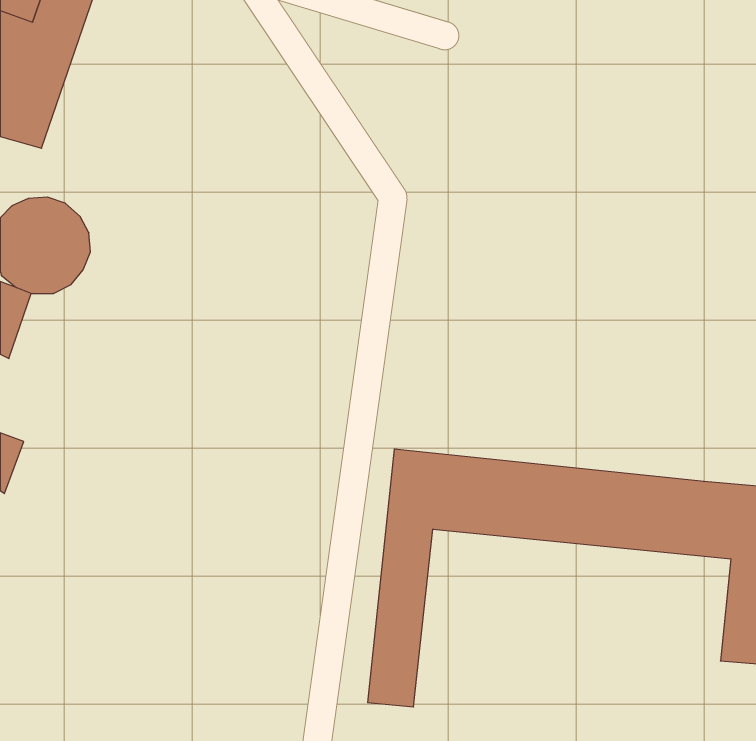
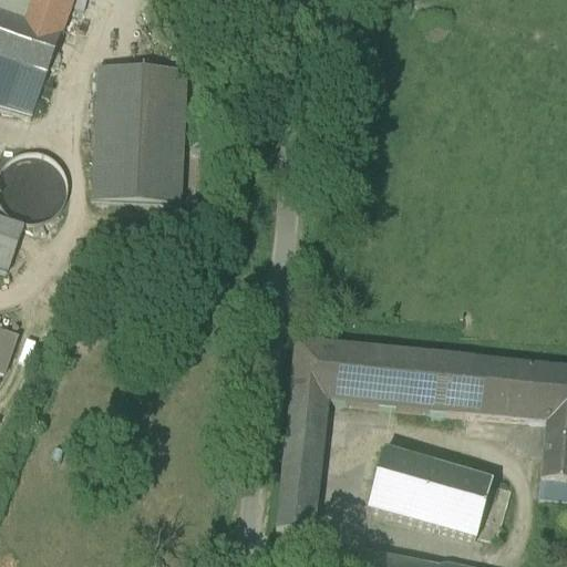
building: none -> [92,62,186,199]
building: none -> [367,446,492,536]

